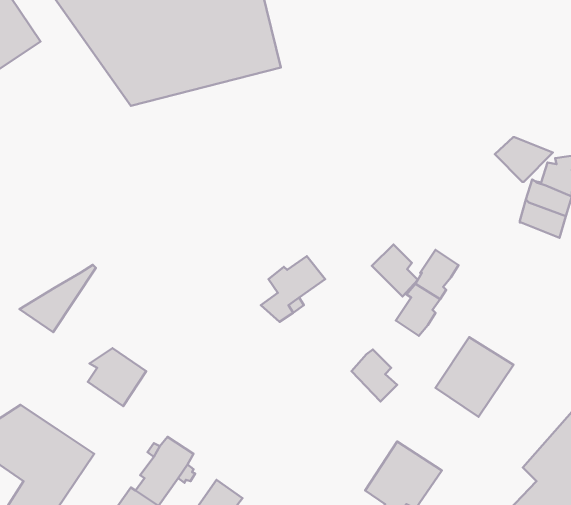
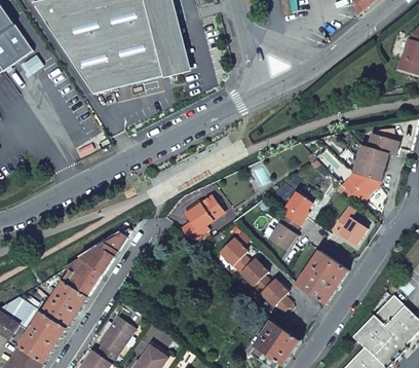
building: [495,137,553,182] -> [341,173,380,203]
building: [372,245,418,297] -> [220,237,251,272]
building: [19,265,96,332] -> [80,227,131,272]
building: none -> [332,211,368,245]
building: none -> [260,278,292,311]
building: none -> [43,280,87,328]

